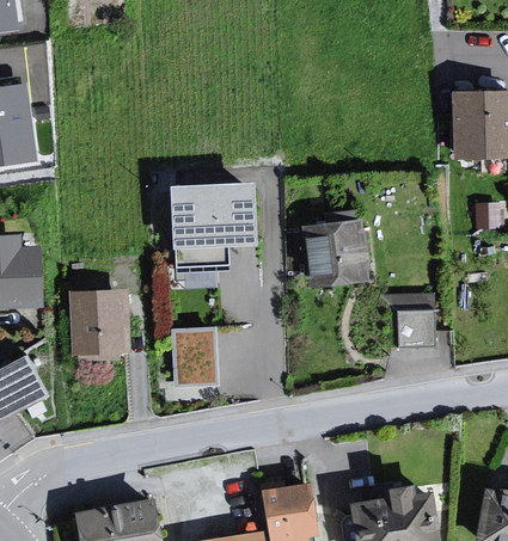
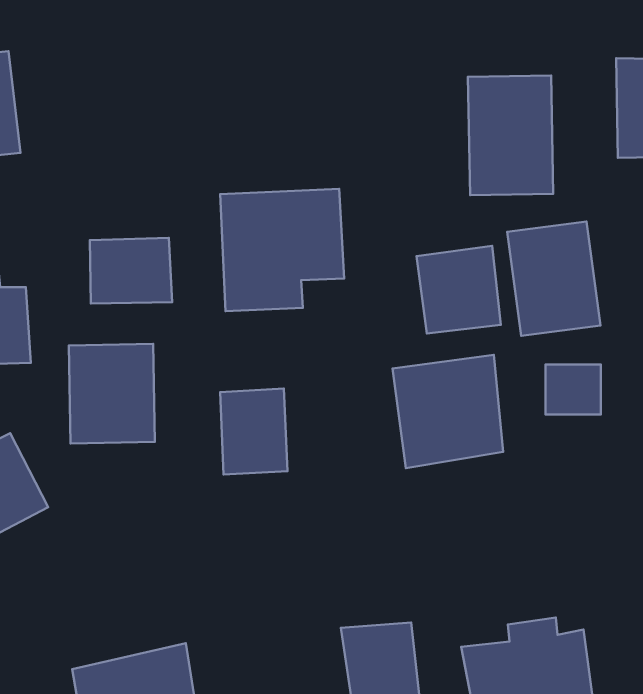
building: none -> [468,76,553,195]
building: none -> [507,222,601,336]
building: none -> [90,238,172,303]
building: none -> [392,355,503,468]

